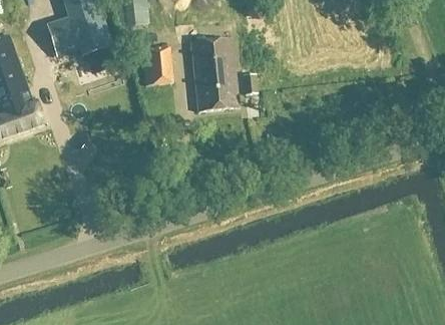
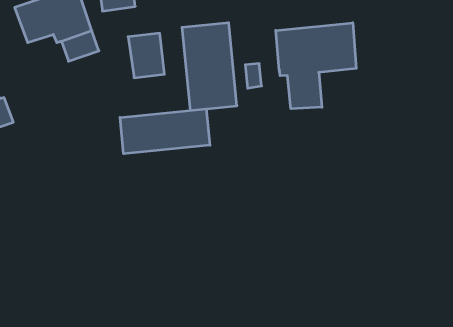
building: none -> [276,23,356,109]
building: none -> [120,109,210,154]

